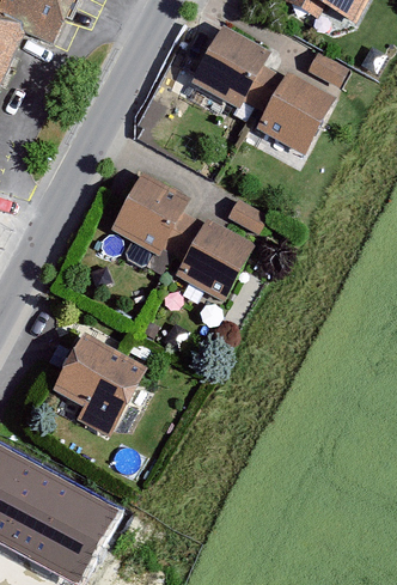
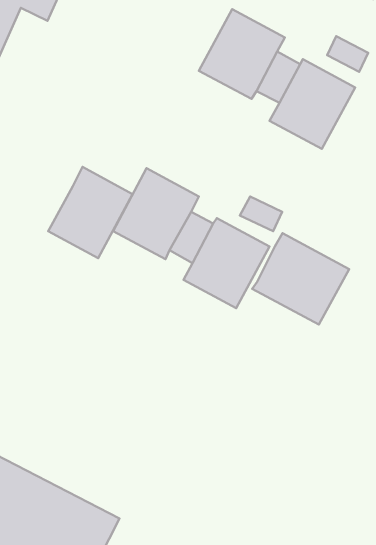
building: none -> [48,167,133,258]
building: none -> [252,233,349,325]
building: [53,337,147,441] -> none

